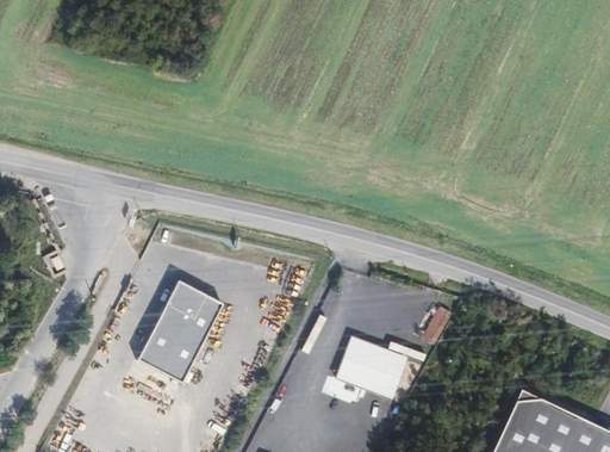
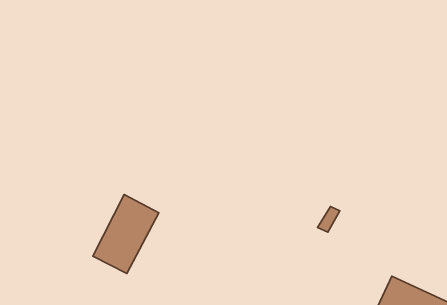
building: [340,335,413,401] -> none

